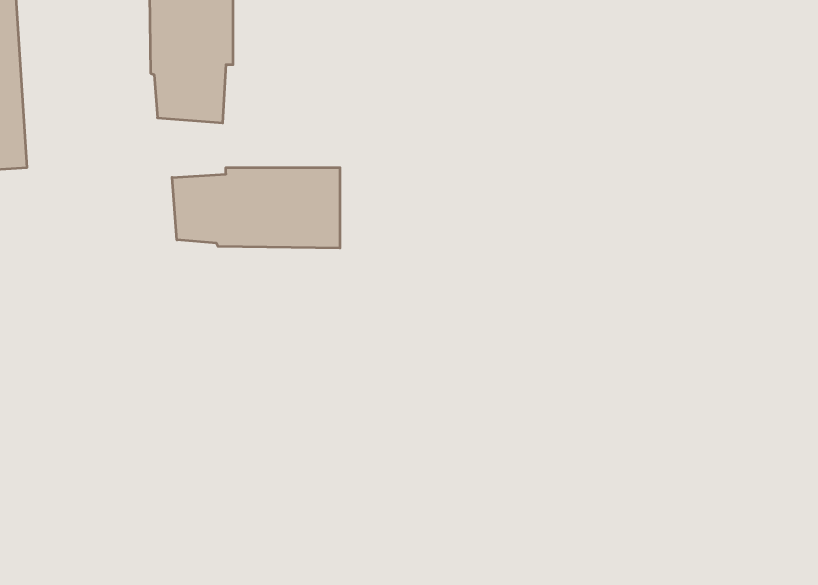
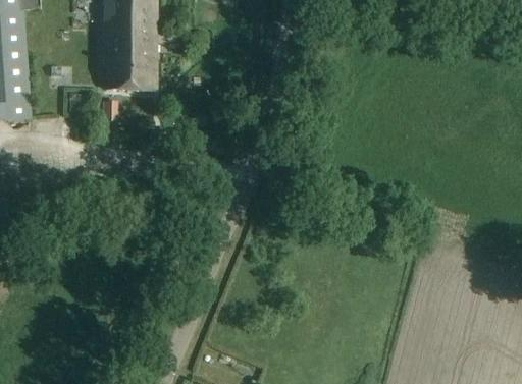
building: [172,168,340,248] -> none

